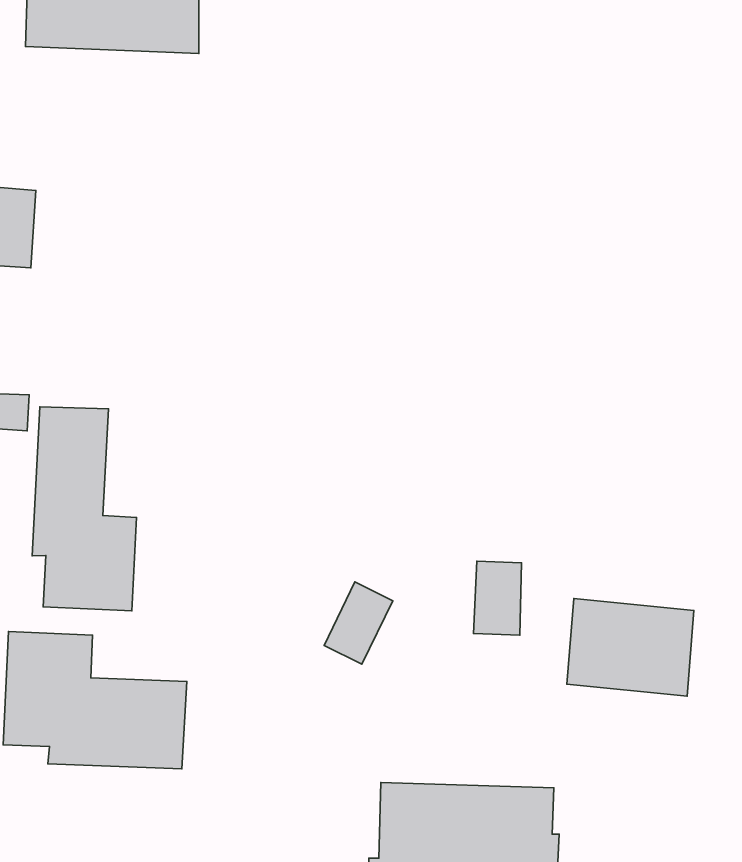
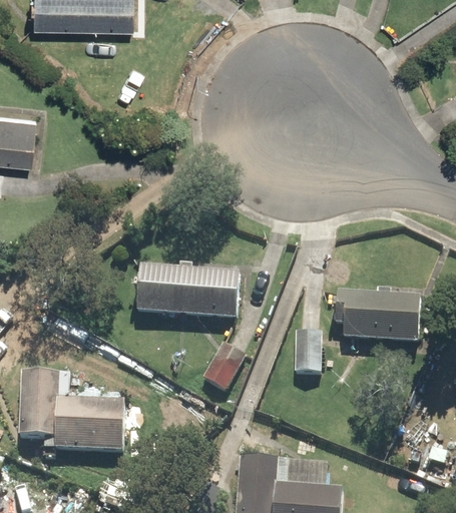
building: [32,407,136,611] -> none
building: none -> [136,266,239,321]
building: [567,598,694,696] -> [346,287,420,344]

